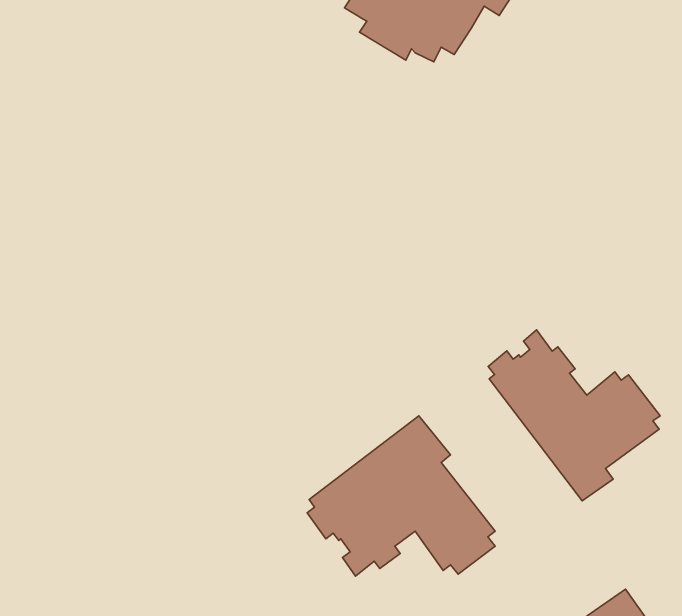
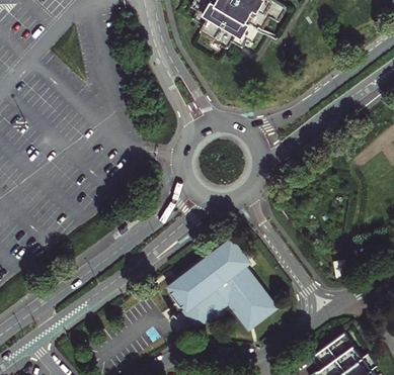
building: [488,330,660,501] -> none

